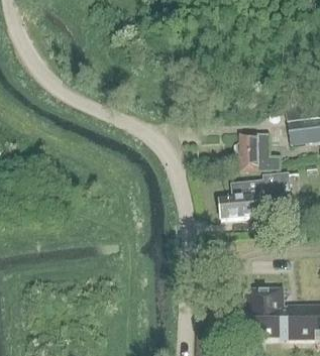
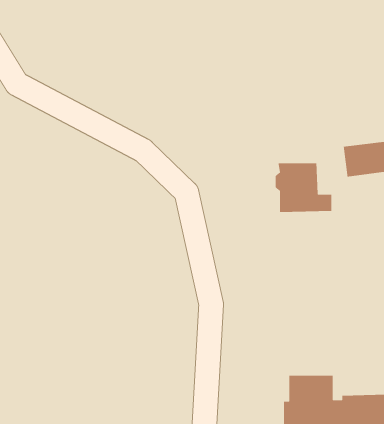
building: [218,172,288,219] -> none

